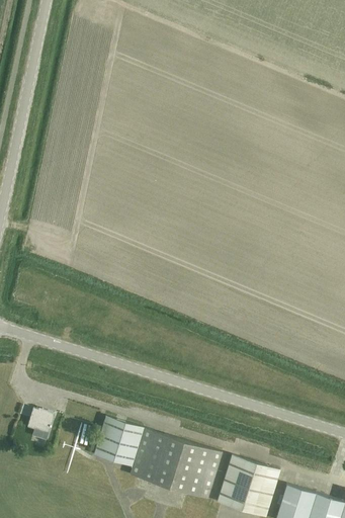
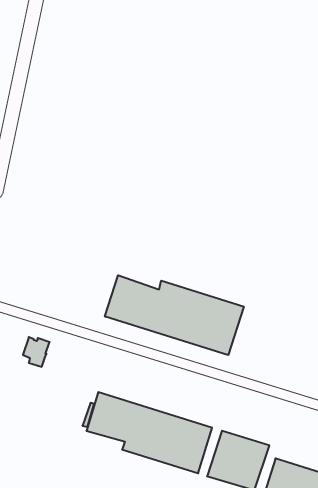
building: none -> [105,275,244,355]
building: [28,410,56,440] -> [23,337,50,367]

